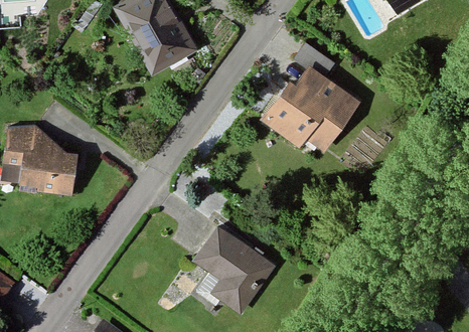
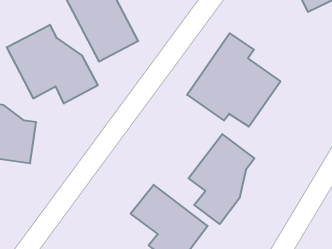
building: none -> [7,25,98,104]
building: none -> [188,134,254,224]

